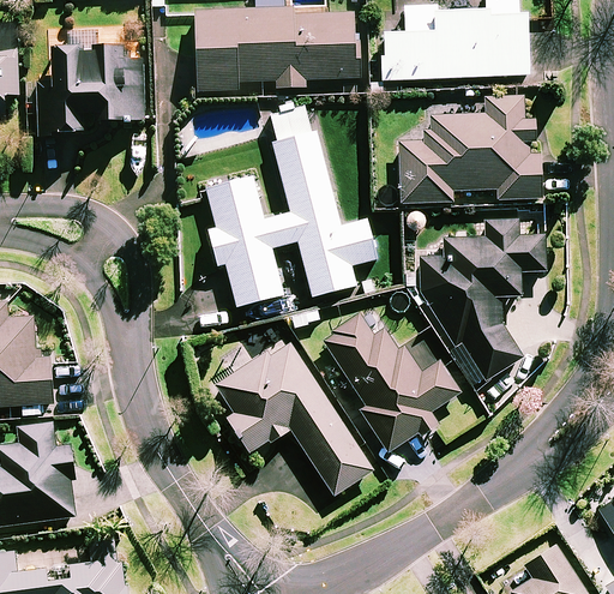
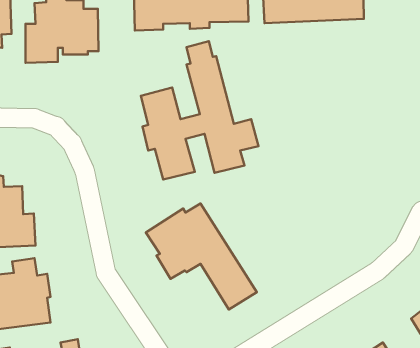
building: [398,95,541,203] -> none
building: [416,217,546,384] -> none
building: [321,312,458,450] -> none

